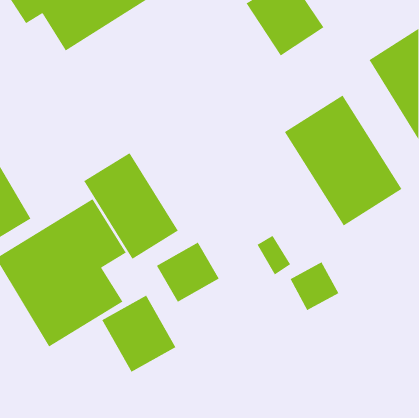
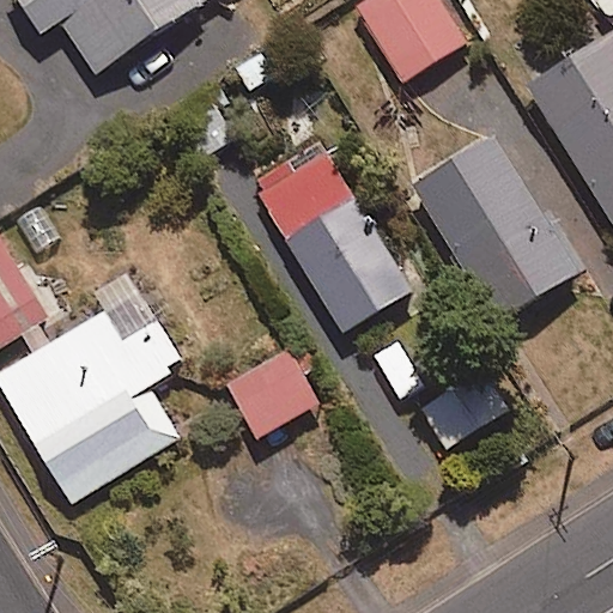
building: none -> [204,139,412,332]
building: [83,152,179,260] -> none
building: [101,295,176,373] -> none

